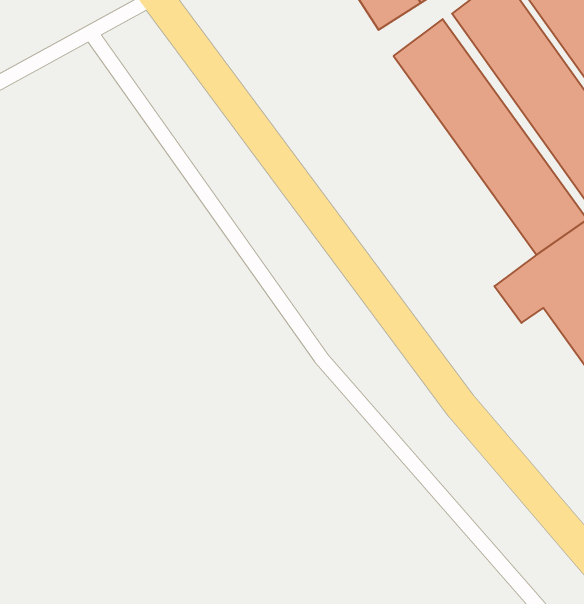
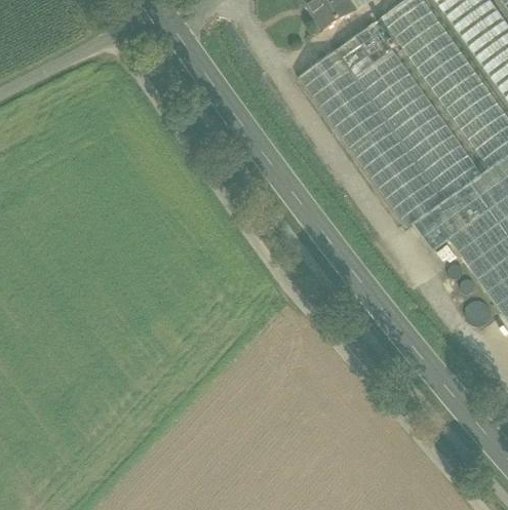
building: none -> [298,49,443,227]

